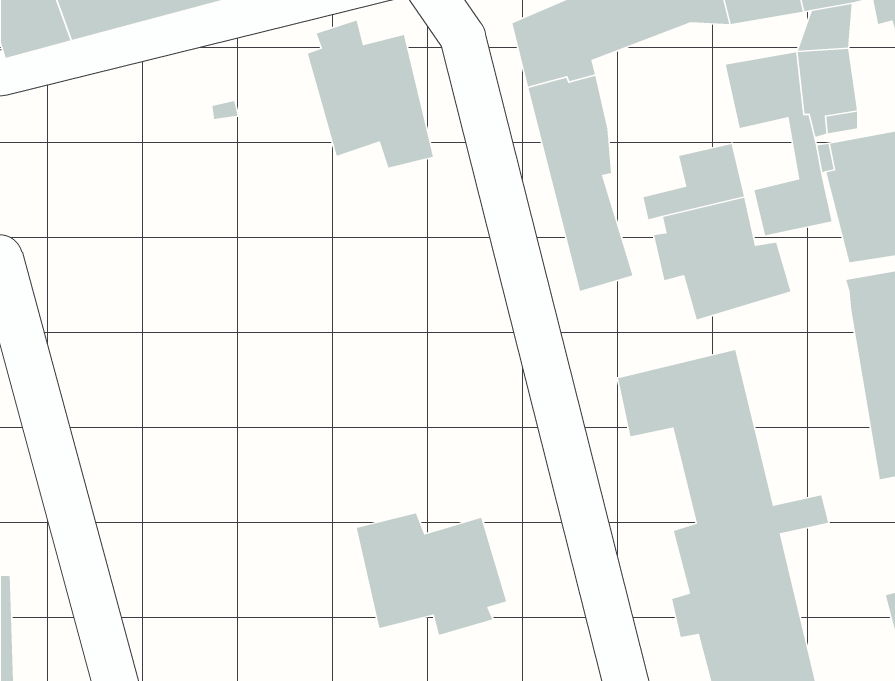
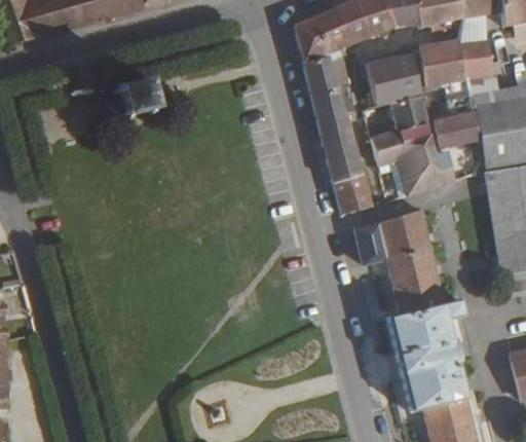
building: [307,19,434,169] -> none
building: none -> [366,53,420,105]
building: none -> [113,74,158,118]
building: none -> [333,170,373,213]
building: [356,513,507,636] -> none

